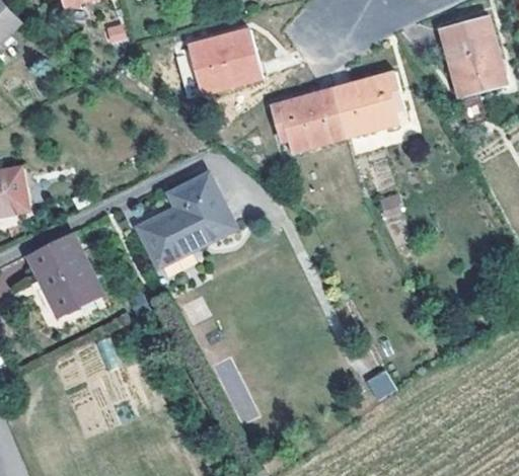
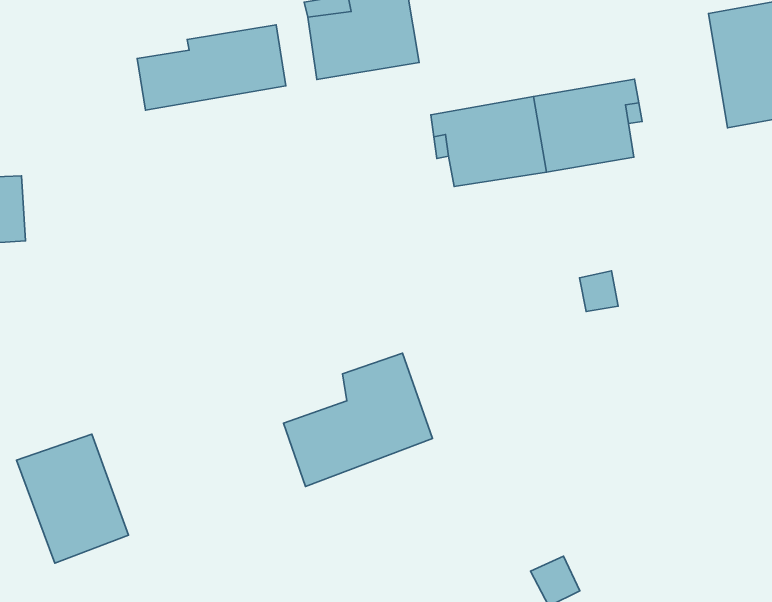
building: none -> [137,25,286,110]
building: [144,178,236,265] -> [283,353,432,486]
building: [28,232,101,313] -> [17,434,129,563]

